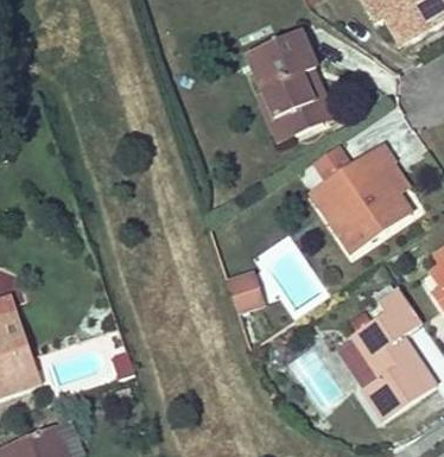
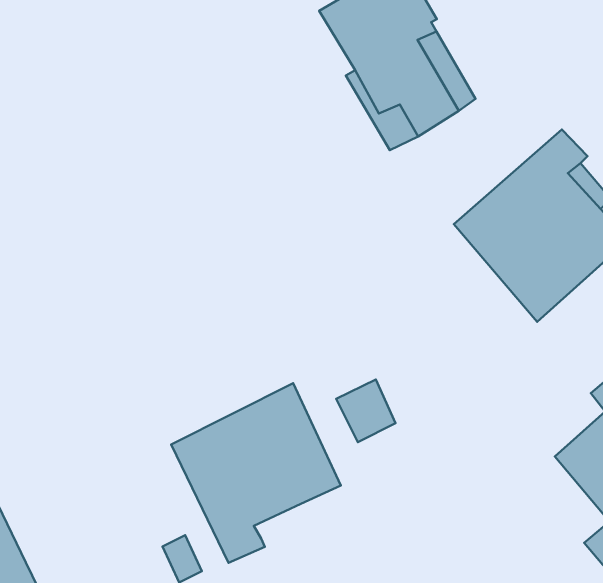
building: none -> [171,383,341,563]

